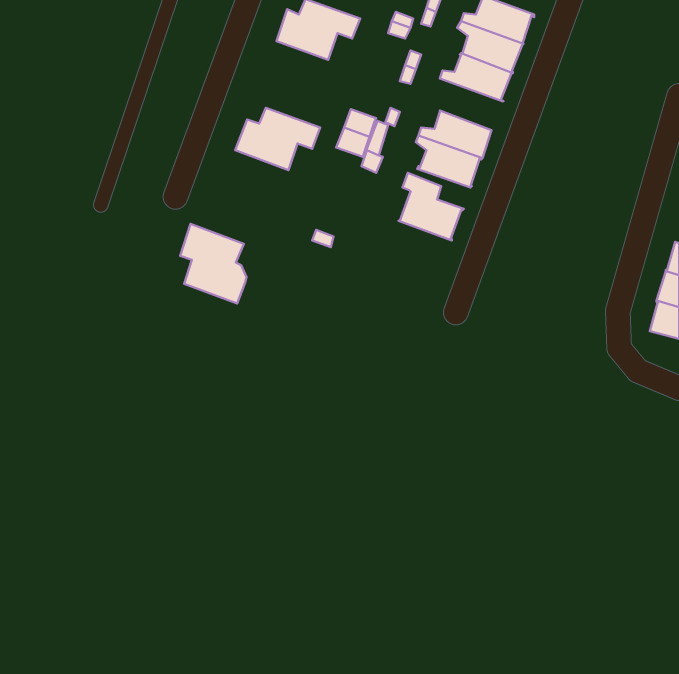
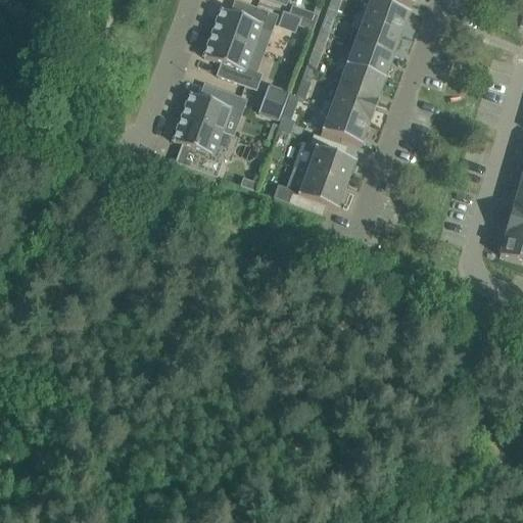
building: none -> [203,32,262,89]
building: none -> [336,60,386,100]
building: none -> [288,170,347,211]
building: [180,224,246,304] -> [173,115,224,177]

